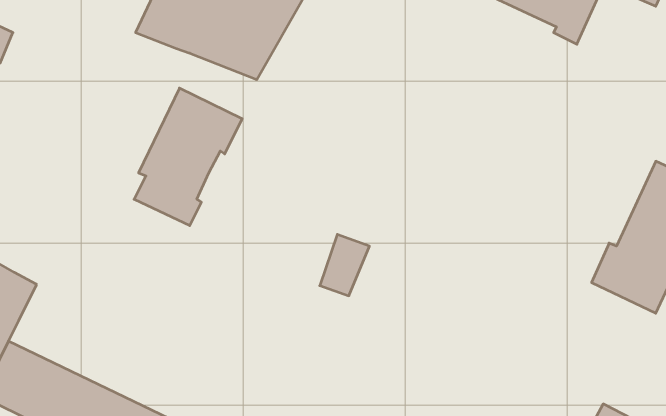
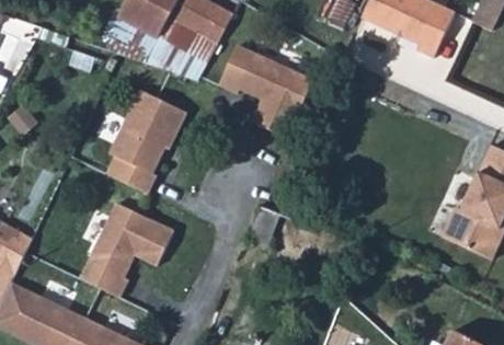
building: none -> [219,46,313,139]
building: none -> [79,202,172,296]

